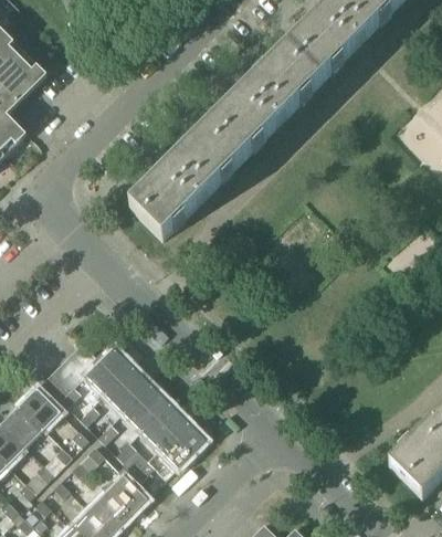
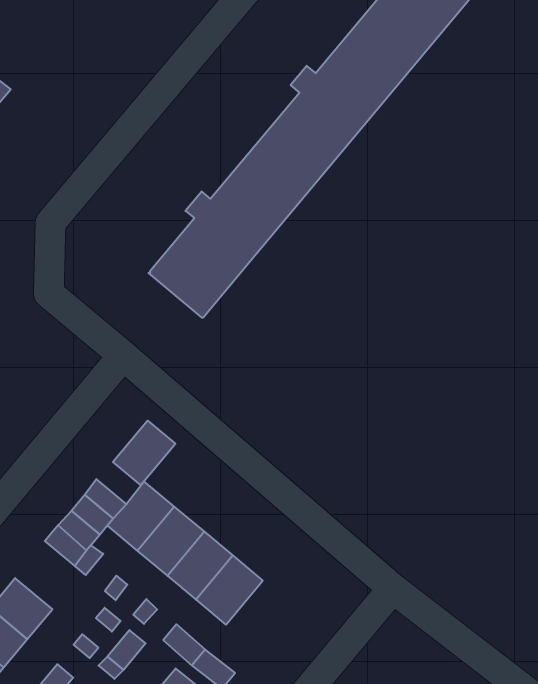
building: none -> [113,421,175,485]
building: [20,386,60,425] -> none
building: [159,419,206,465] -> none

